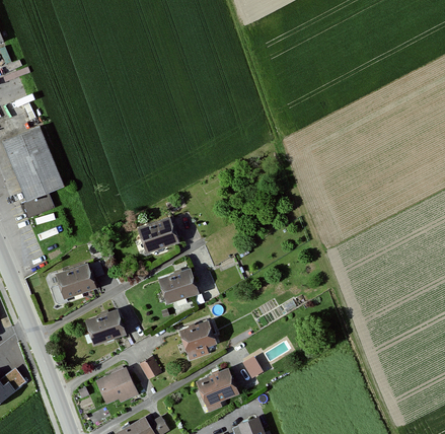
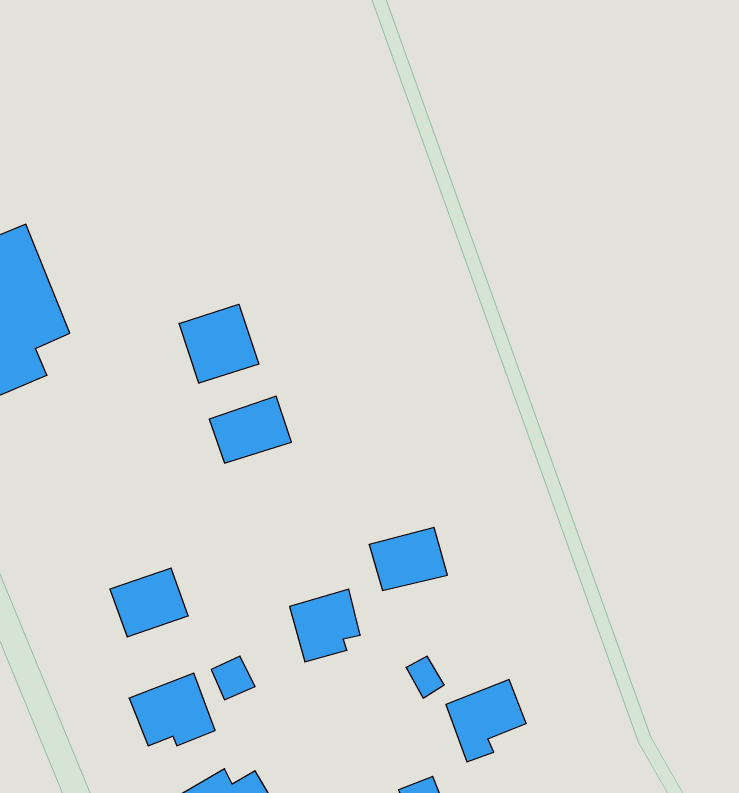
building: none -> [179,304,259,383]
building: [56,260,96,296] -> none
building: [158,269,200,302] -> [369,527,447,590]
building: [198,368,240,412] -> [446,680,526,762]

